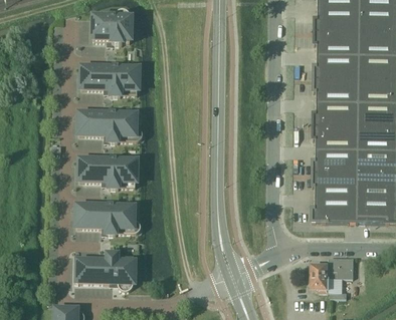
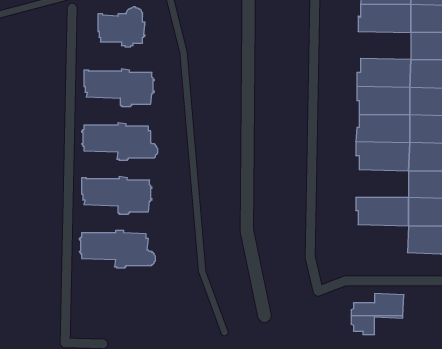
building: [315,31,361,55] -> none
building: [314,149,359,174] -> none
building: [313,197,359,221] -> none
building: [76,252,136,290] -> none

